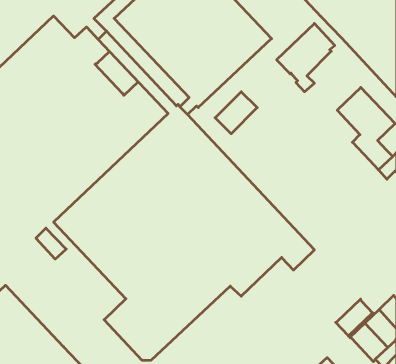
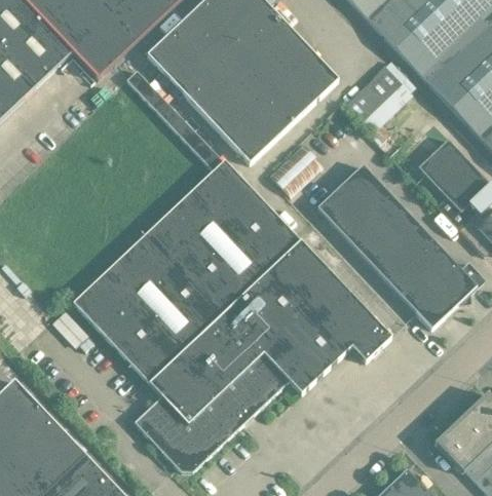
building: [95,52,138,95] -> none
building: none -> [317,164,484,327]
building: [336,299,373,336] -> none

